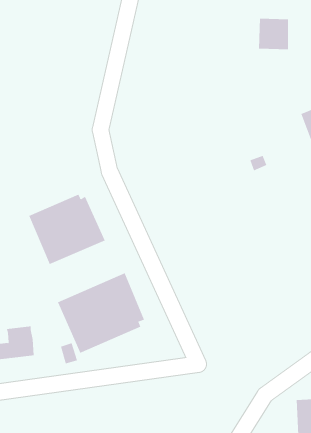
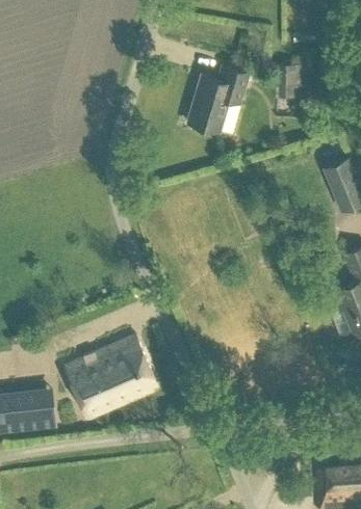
building: none -> [190,69,252,136]
building: [28,194,105,265] -> none

